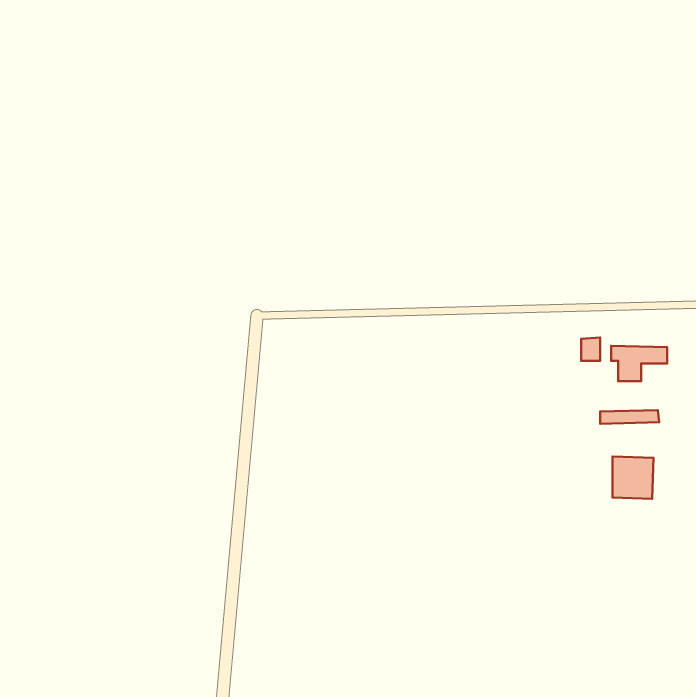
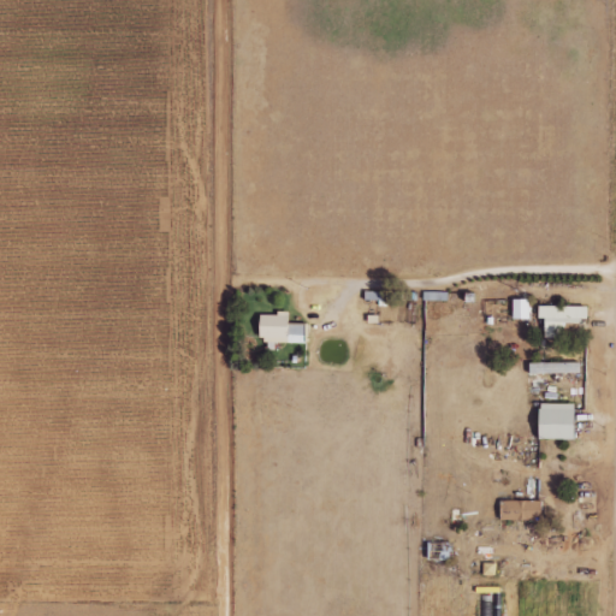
building: none -> [260,312,303,342]
building: none -> [499,499,541,520]

